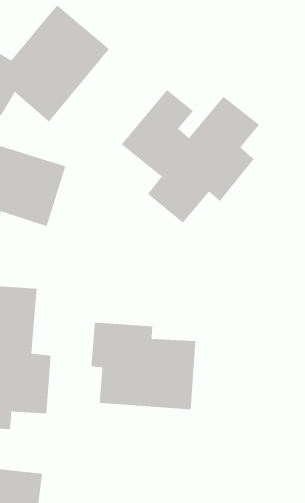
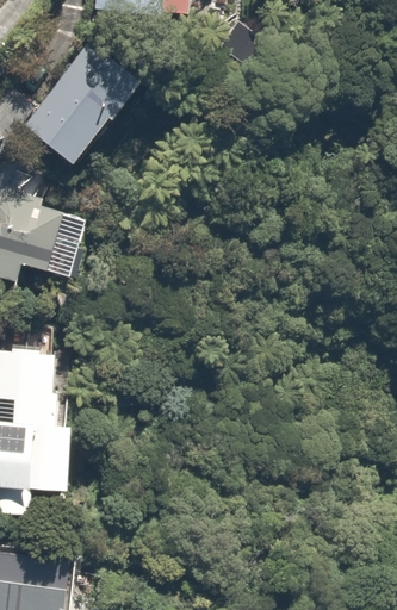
building: [121,89,260,224] -> none
building: [91,322,196,410] -> none

